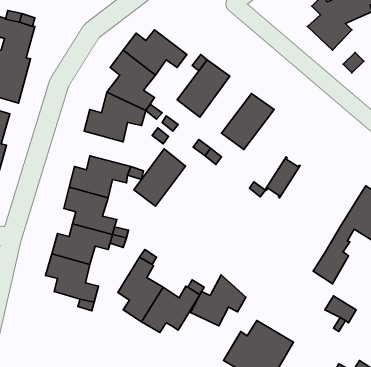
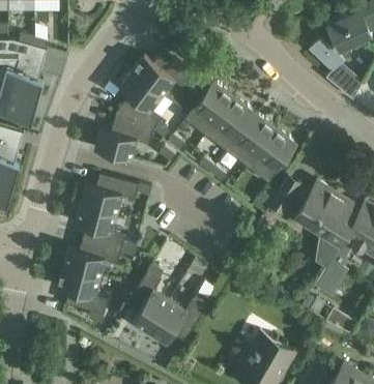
building: none -> [248,129,297,184]
building: [134,149,186,206] -> [205,97,255,152]
building: none -> [295,182,361,267]
building: [190,275,246,326] -> none

